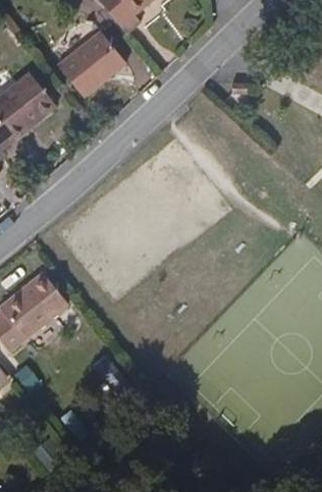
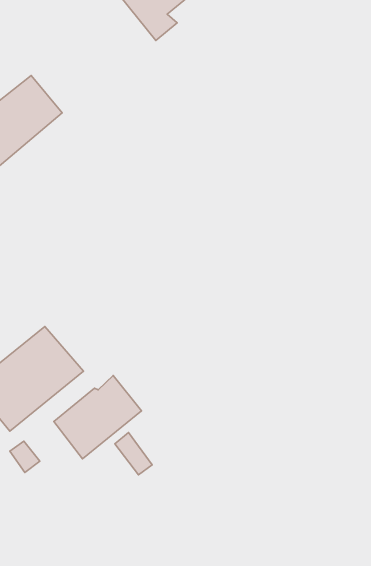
building: [58,29,128,94] -> none
building: none -> [54,376,141,459]

